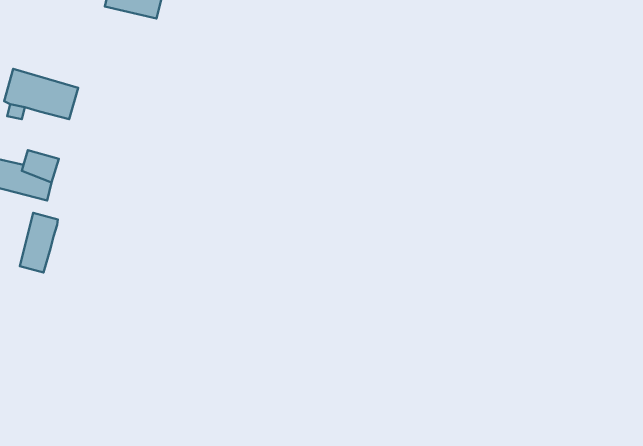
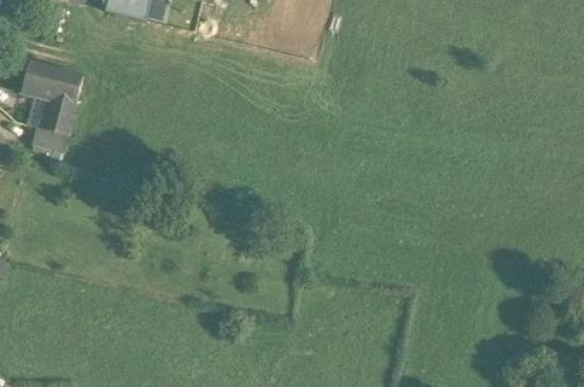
building: none -> [41,95,75,134]
building: [20,213,58,272] -> none

